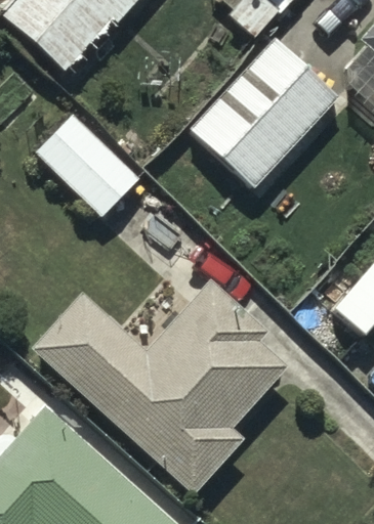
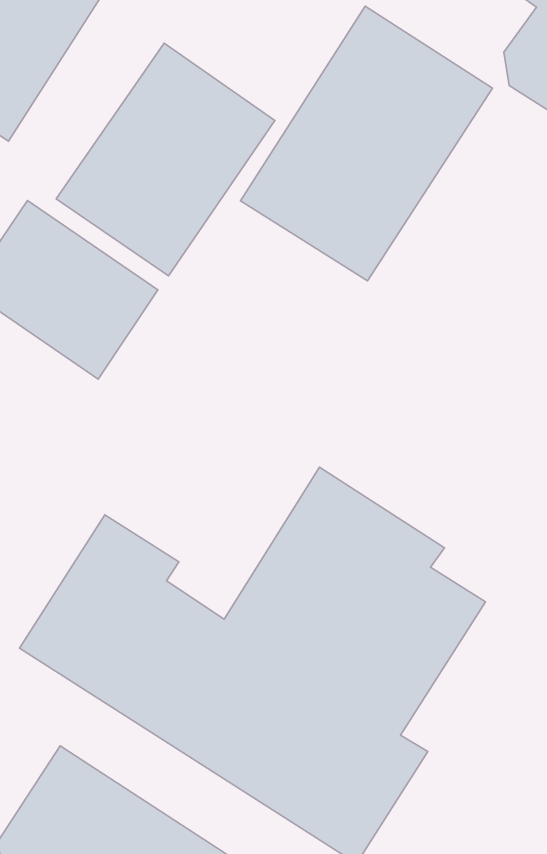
building: none -> [56,43,275,276]

